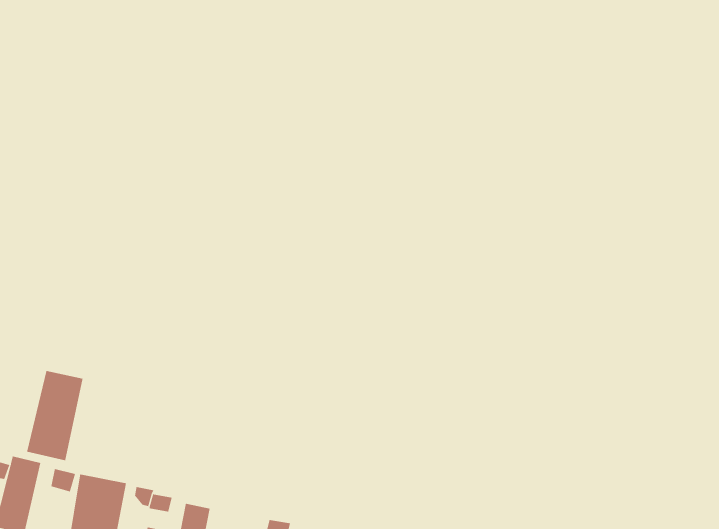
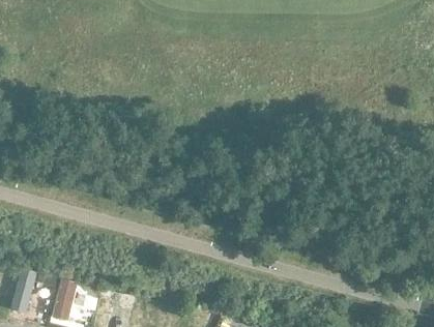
building: [27,370,83,461] -> none

